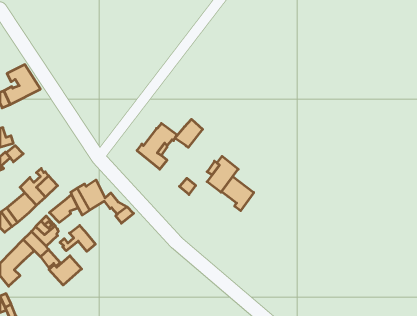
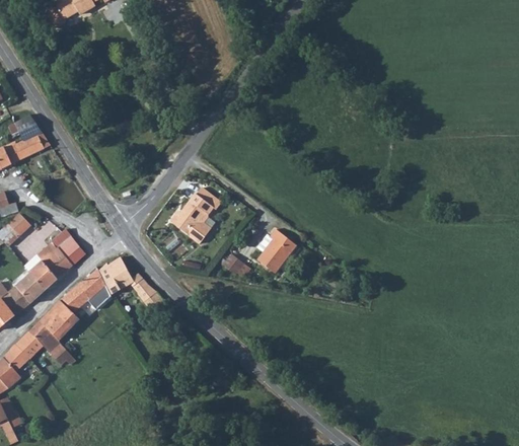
building: [175,119,203,147] -> none
building: none -> [50,230,85,264]
building: [222,177,254,211] -> none
building: [60,225,95,251] -> none
building: [49,256,82,285] -> none

